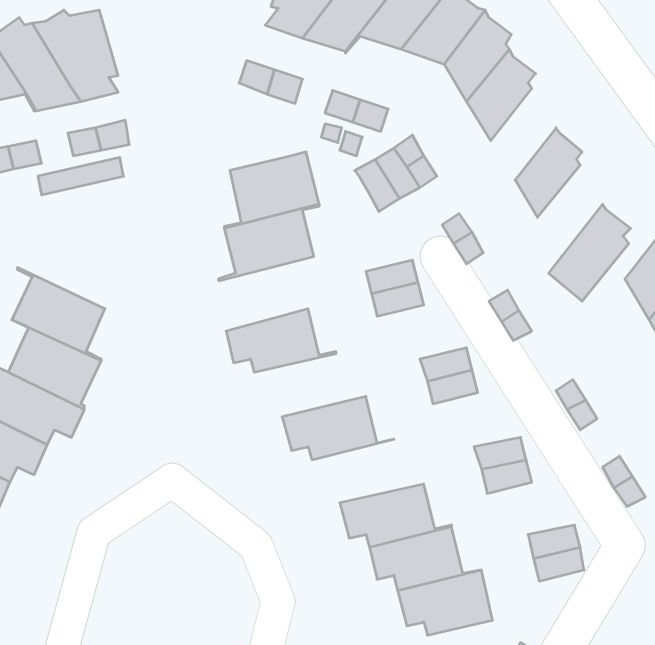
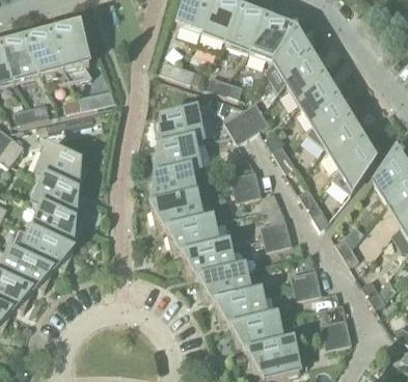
building: none -> [299,72,337,122]
building: none -> [325,114,363,165]
building: none -> [35,145,88,194]
building: none -> [147,165,200,207]
building: none -> [167,219,229,254]
building: none -> [199,267,262,302]

